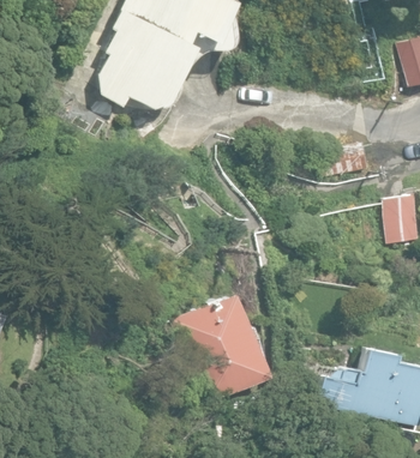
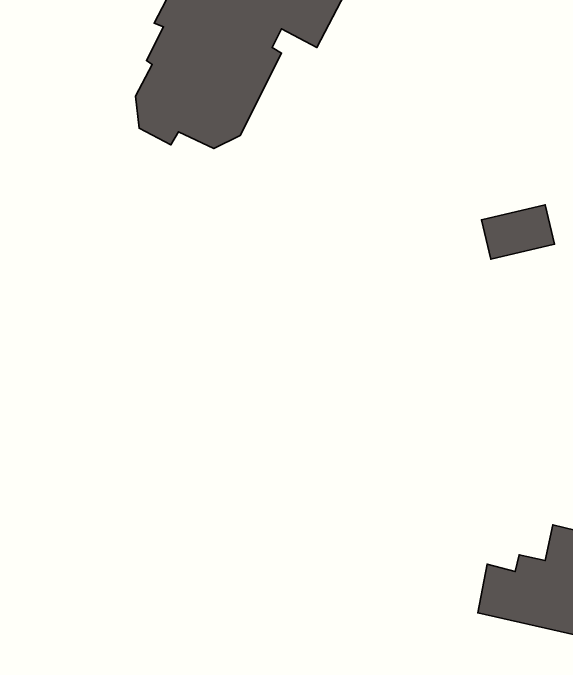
building: [174,293,272,403] -> none

